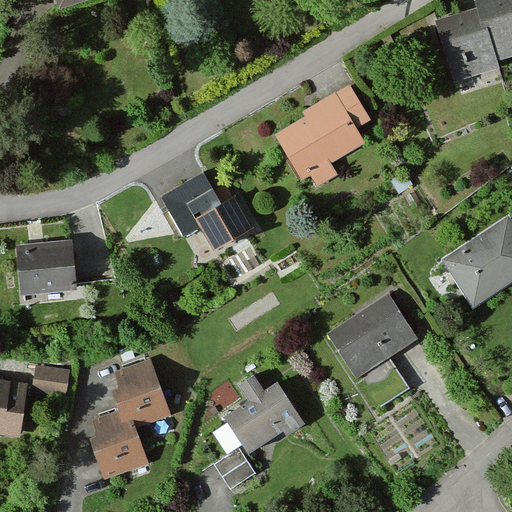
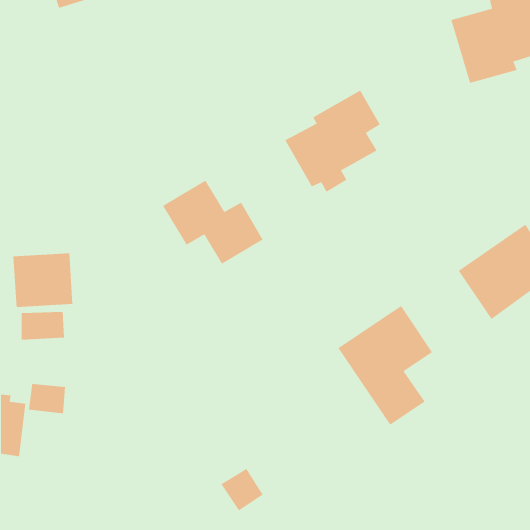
building: none -> [21,311,65,341]
building: [88,361,168,477] -> none
building: [223,375,301,454] -> none

